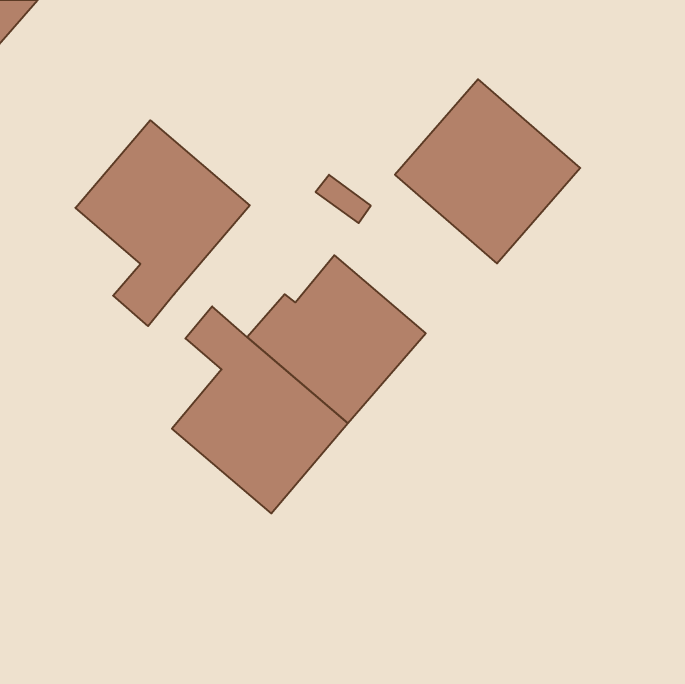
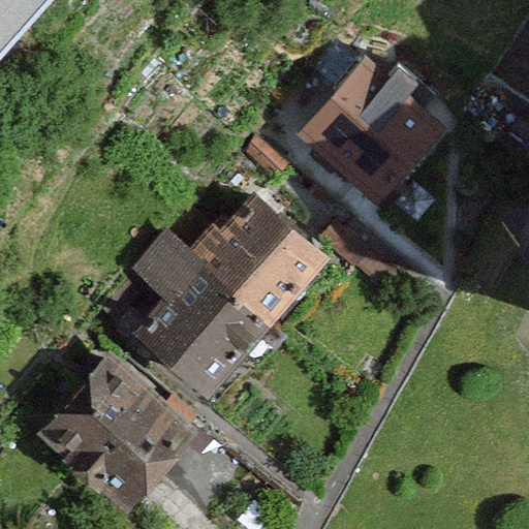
building: [75,120,250,326] -> none
building: none -> [30,348,189,505]

